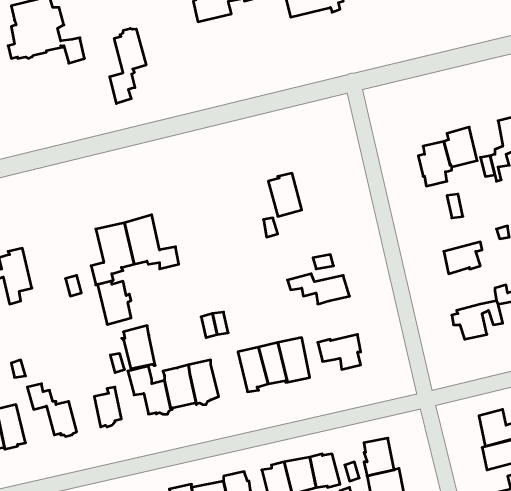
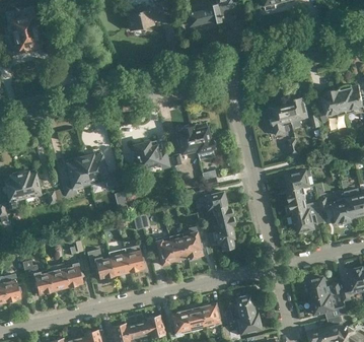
building: [110,28,146,104] -> none
building: none -> [190,124,214,160]
building: none -> [131,140,168,169]
building: none -> [285,186,319,213]
building: [98,281,131,324] -> [18,172,40,199]
building: none -> [213,204,234,232]
building: [122,326,155,370] -> [47,262,68,290]

